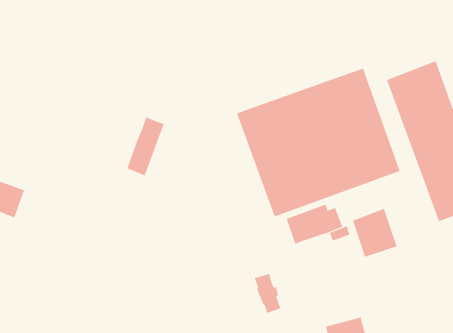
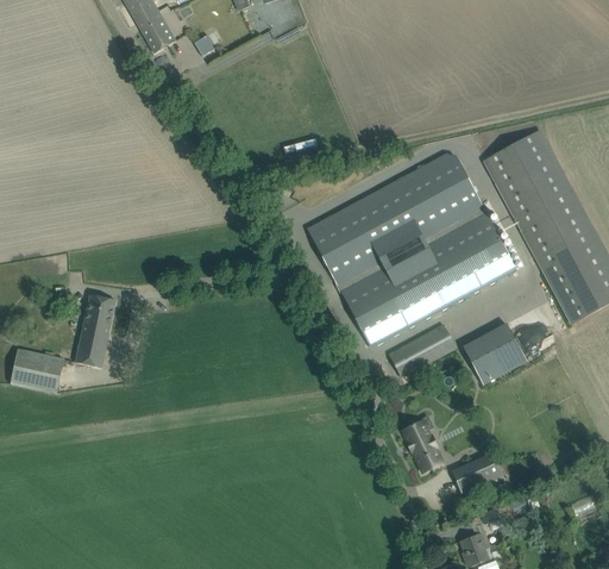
building: [127,116,164,176] -> [76,294,114,367]
building: [254,273,281,313] -> [402,420,440,470]

